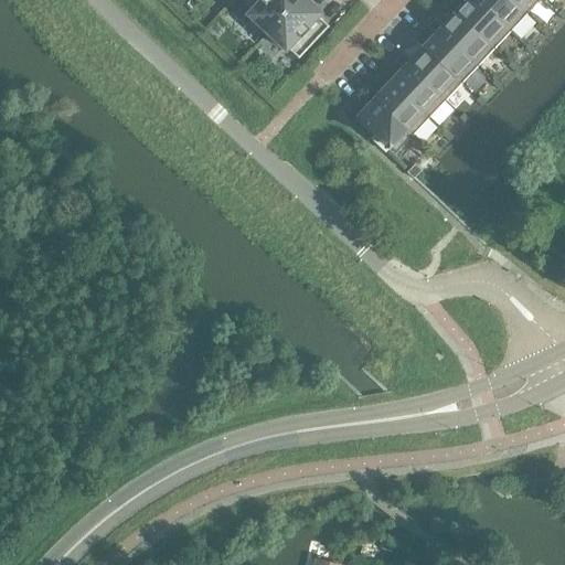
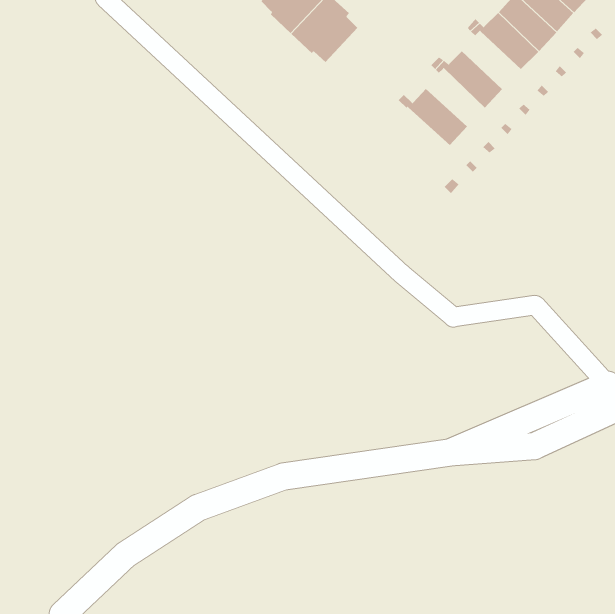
building: [423,29,477,82] -> none
building: [390,63,444,116] -> none
building: [356,98,412,152] -> none

